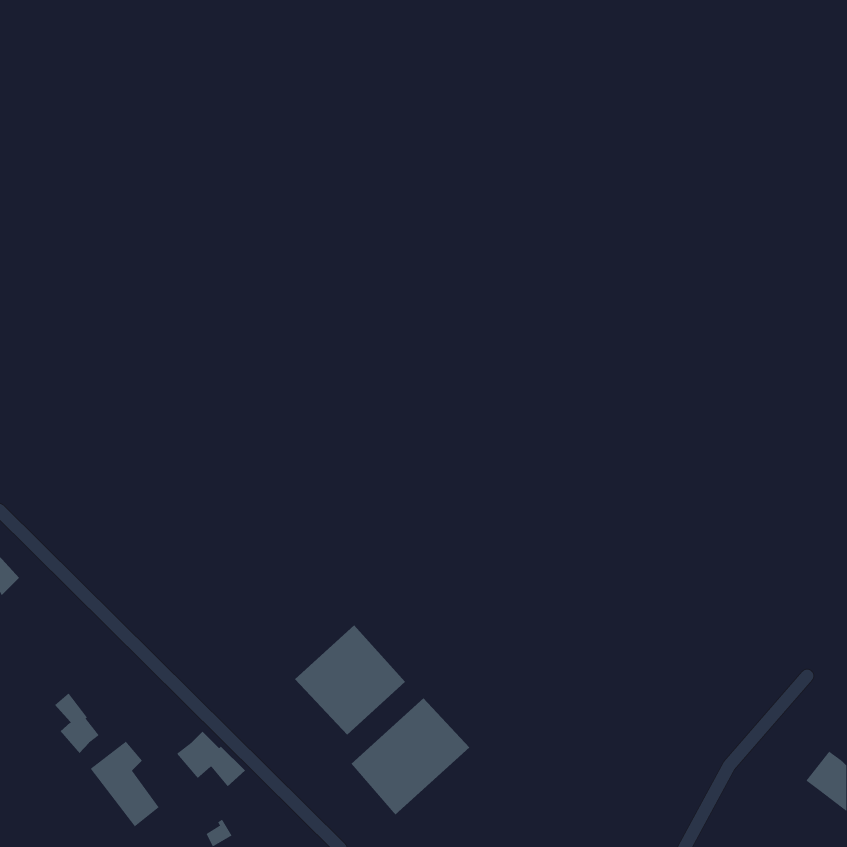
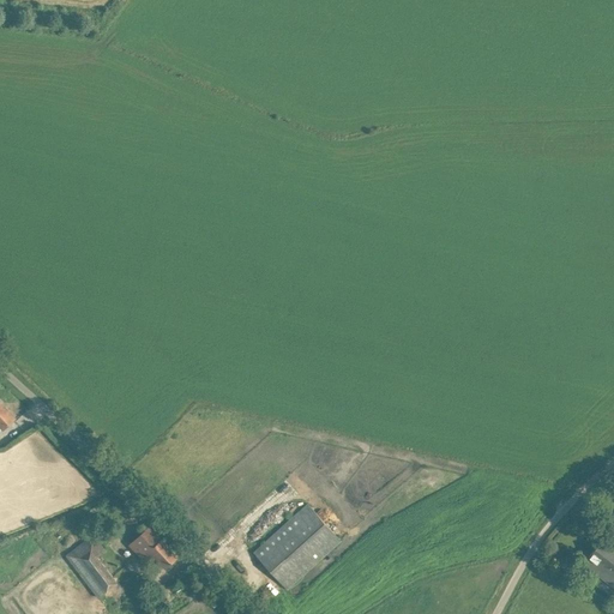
building: [294,624,406,736] -> none
building: [54,692,100,754] -> none

